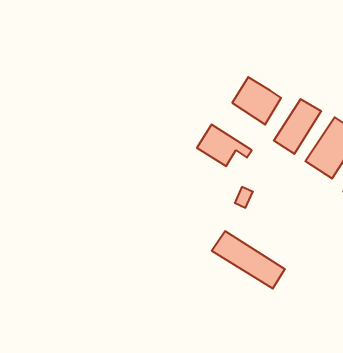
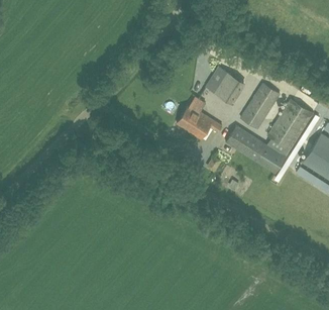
building: [212,231,285,289] -> [226,126,287,174]

